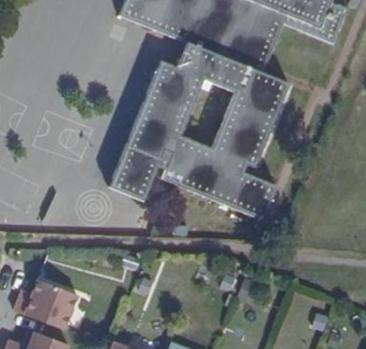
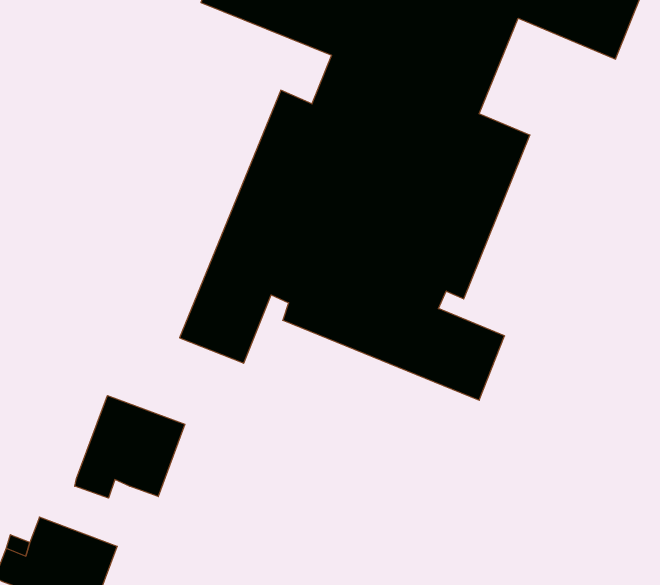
building: none -> [75,396,185,498]

